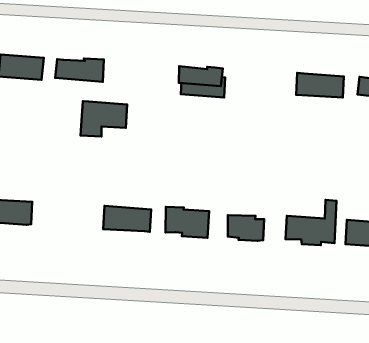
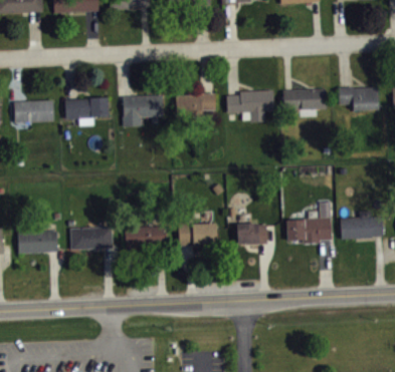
building: none -> [226,90,273,122]
building: [80,101,127,137] -> [122,95,163,127]
building: none -> [69,227,113,250]

